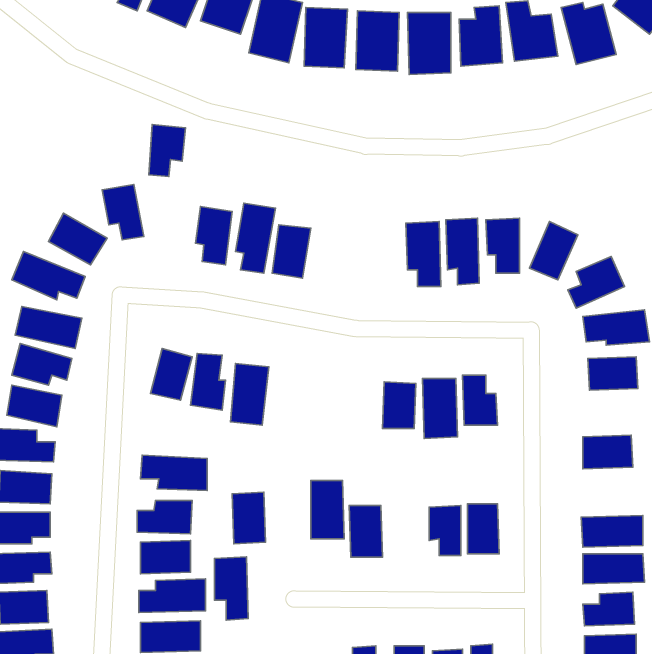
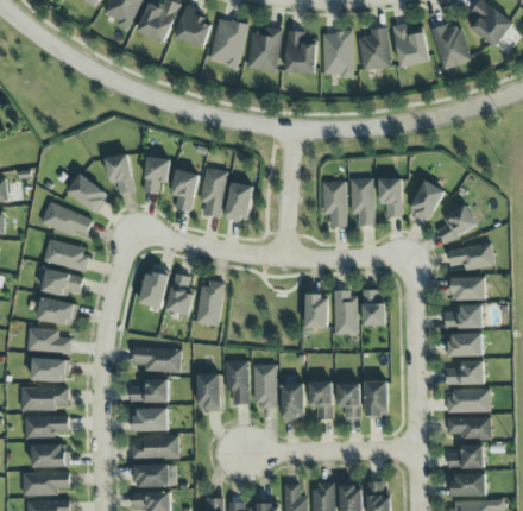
building: [149,125,186,176] -> [144,157,170,194]
building: none -> [445,304,483,329]
building: none -> [446,360,484,385]
building: none -> [309,381,332,419]
building: [215,557,248,620] -> [225,360,248,405]

